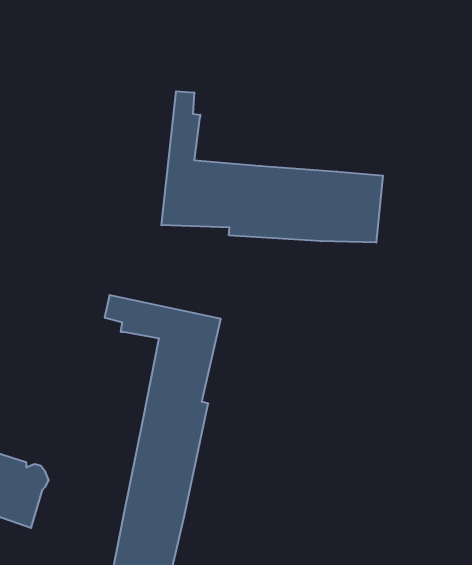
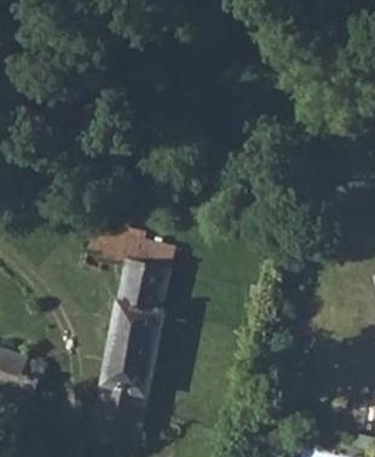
building: [161,91,383,243] -> none

